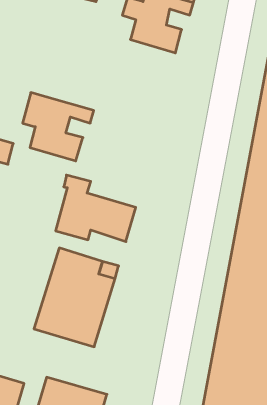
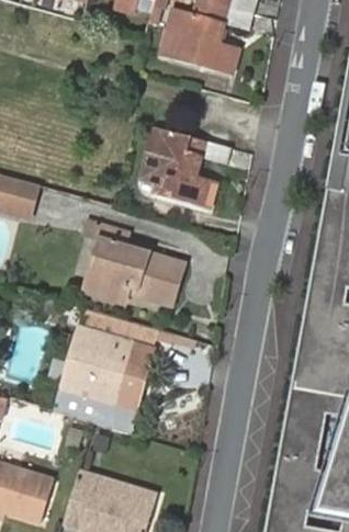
building: [23,93,94,161] -> [148,127,235,211]

